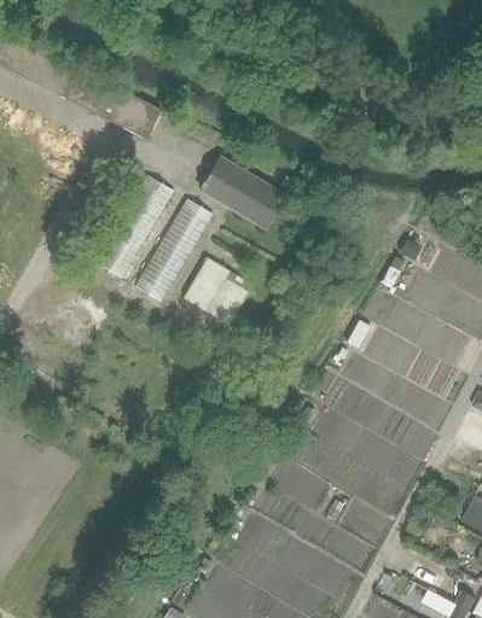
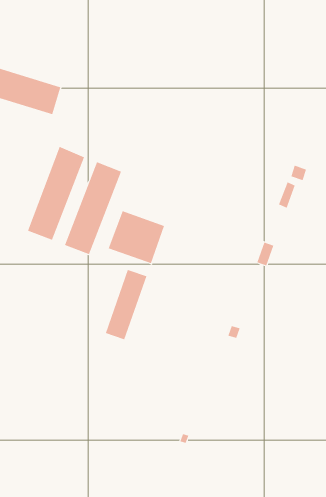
building: [201,156,285,227] -> none
building: none -> [105,269,147,340]

